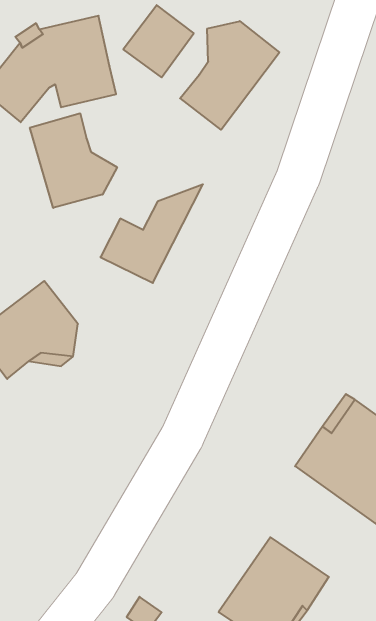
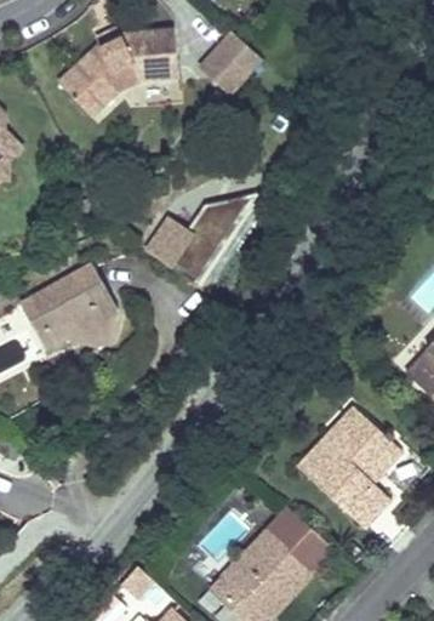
building: [180,21,279,130] -> none
building: [30,113,117,208] -> none
building: none -> [265,506,335,571]

